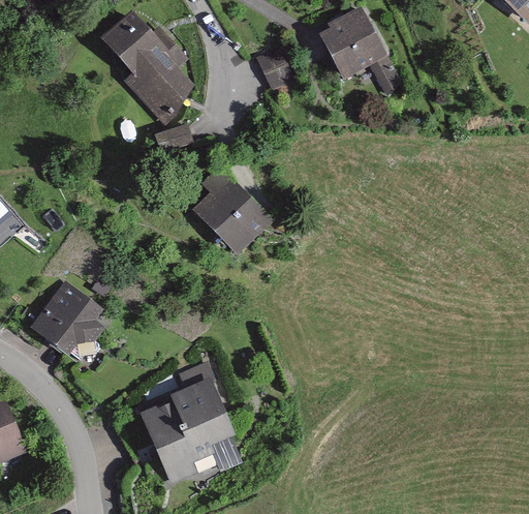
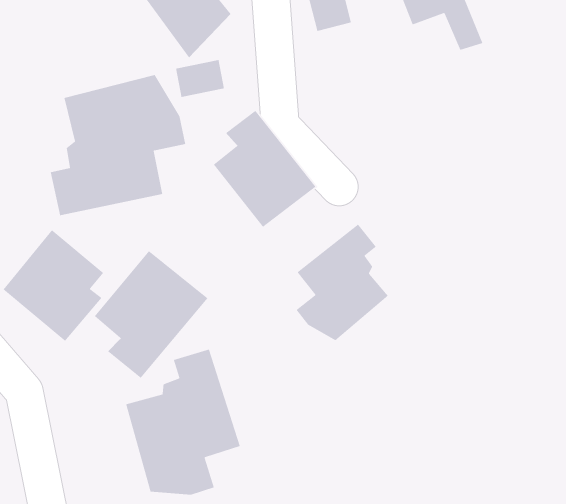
building: none -> [50,74,186,216]
building: none -> [296,223,389,341]
building: none -> [94,250,209,379]

